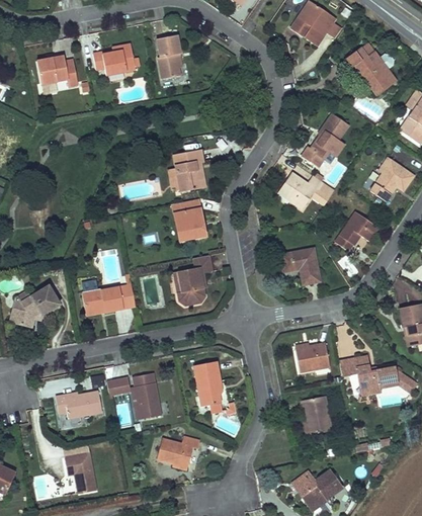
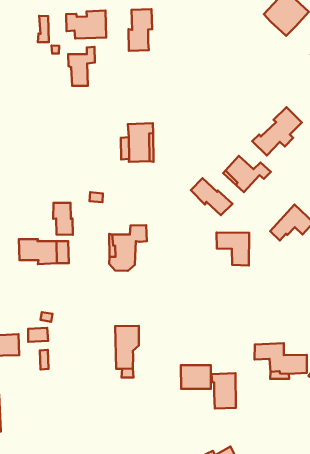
building: [36,57,69,84] -> none
building: none -> [68,47,95,86]
building: none -> [191,178,232,215]
building: [172,201,202,242] -> none
building: none -> [53,203,73,235]
building: [296,342,330,371] -> [181,365,211,389]
building: [132,373,162,420] -> none
building: [156,437,199,468] -> none

